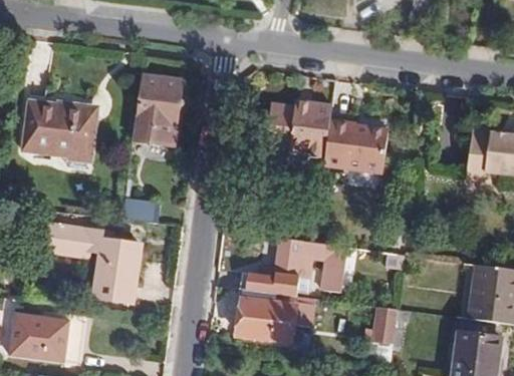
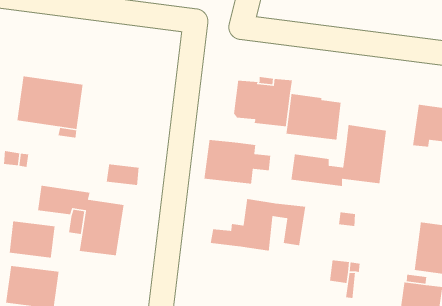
building: [133,75,183,144] -> none
building: none -> [290,124,387,187]
building: none -> [9,220,55,258]
building: [237,290,313,341] -> [204,139,271,185]

